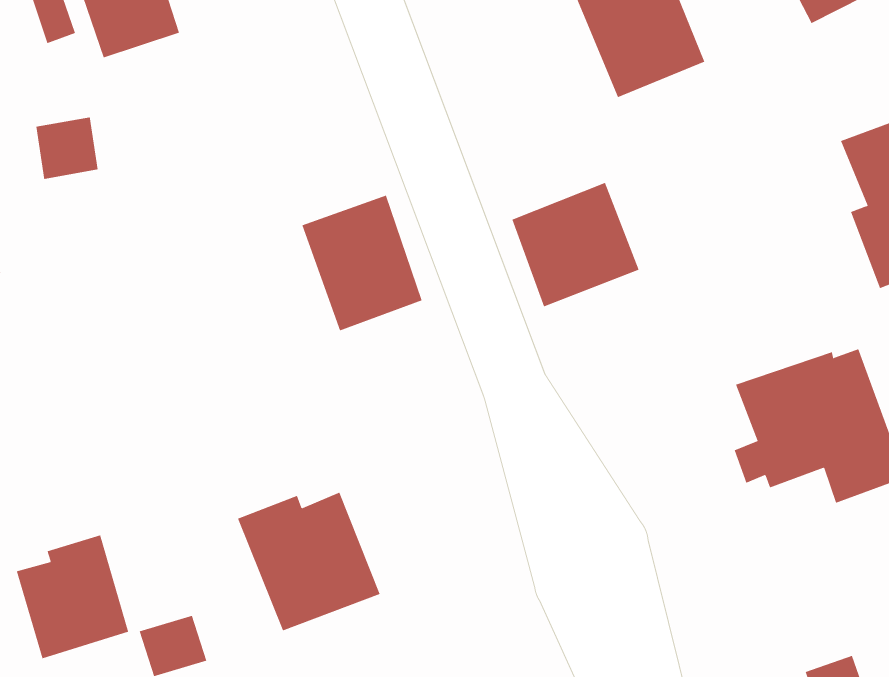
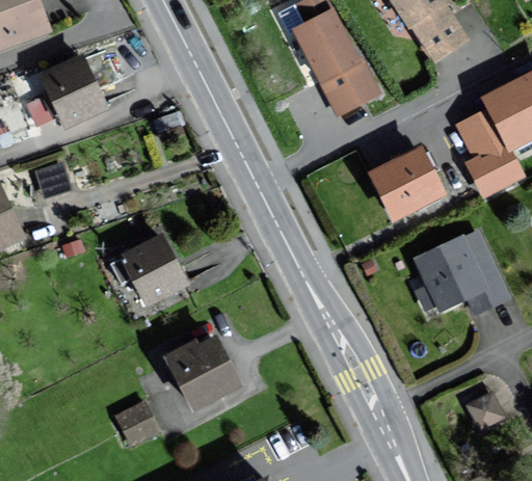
building: [511,182,640,307] -> [372,148,442,216]
building: [301,195,423,331] -> [121,234,188,308]
building: [16,534,129,659] -> none

